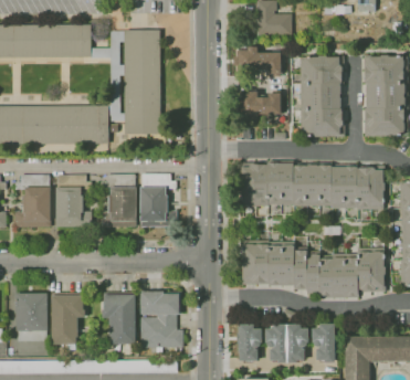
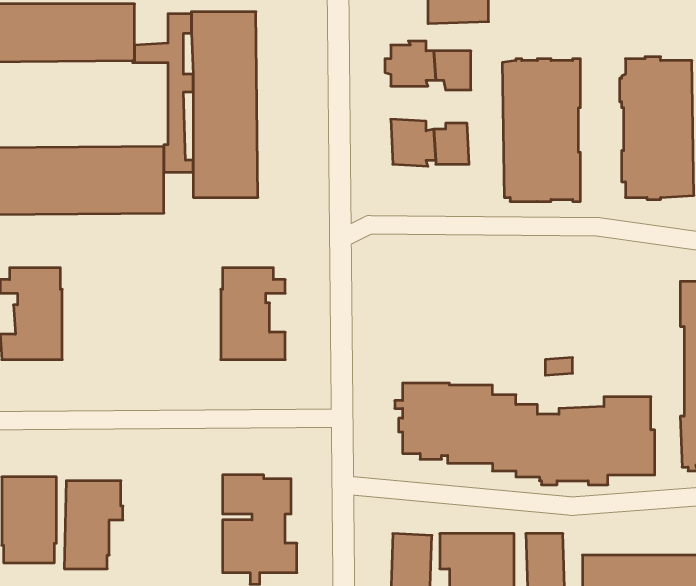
building: [239,161,383,210] -> none
building: [55,175,92,226] -> none
building: [99,175,136,226] -> none
building: [102,295,135,344] -> none

